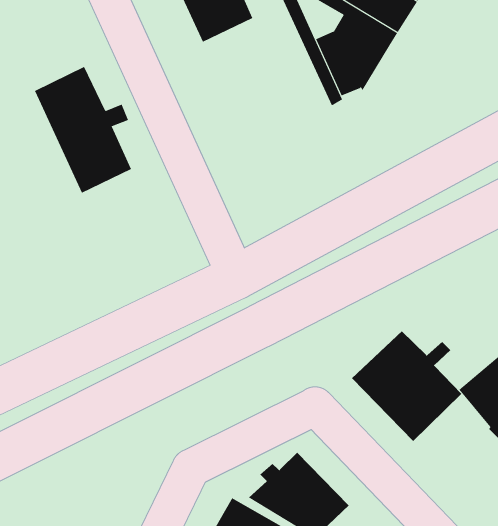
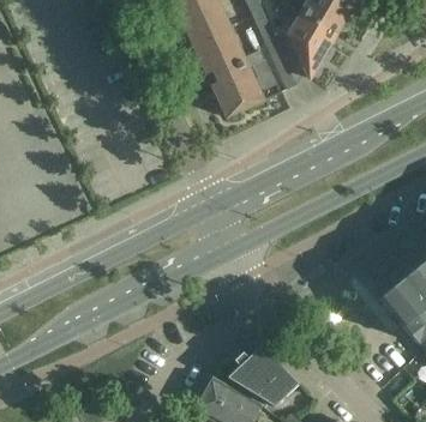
building: [34,66,132,193] -> [191,25,263,119]
building: [351,330,462,442] -> none

